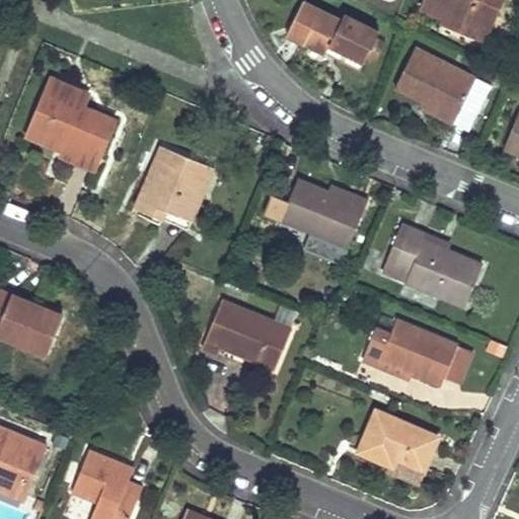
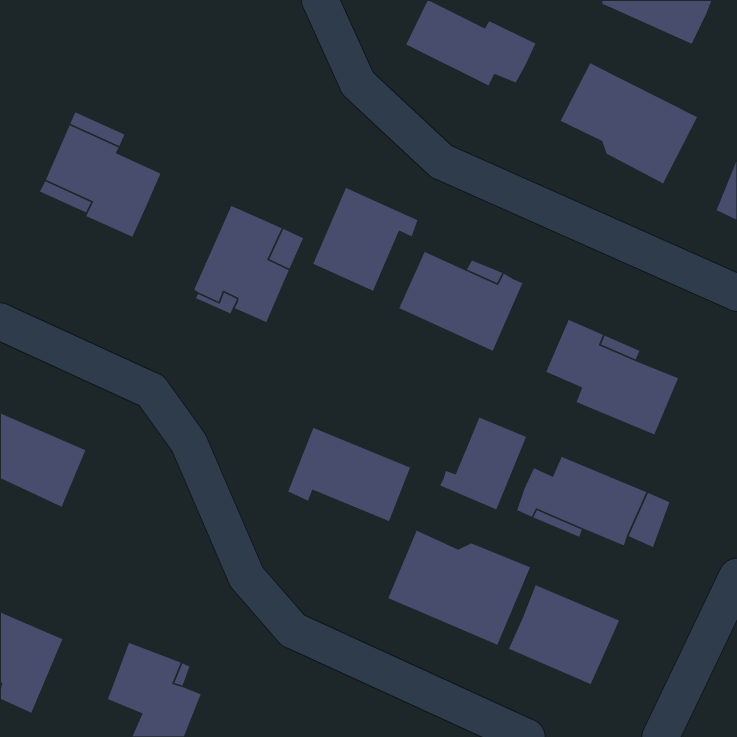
building: none -> [312,187,418,292]
building: none -> [439,416,527,510]
building: none -> [387,530,531,646]

